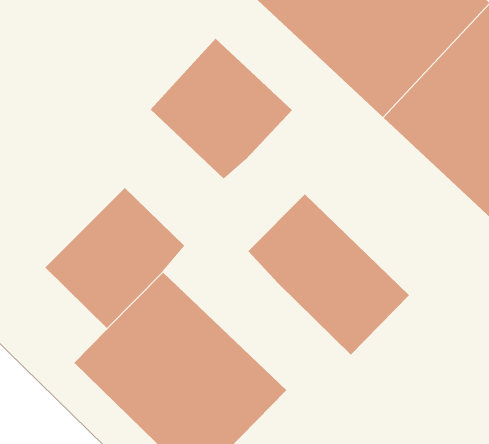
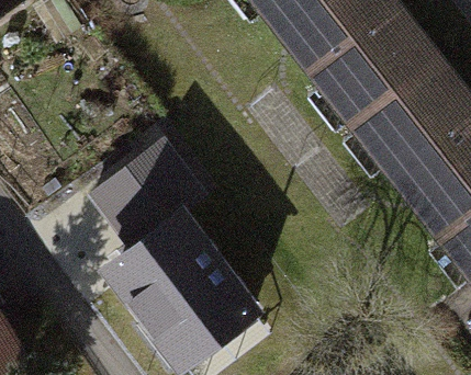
building: [150,38,293,179] -> none
building: [247,194,410,355] -> none

